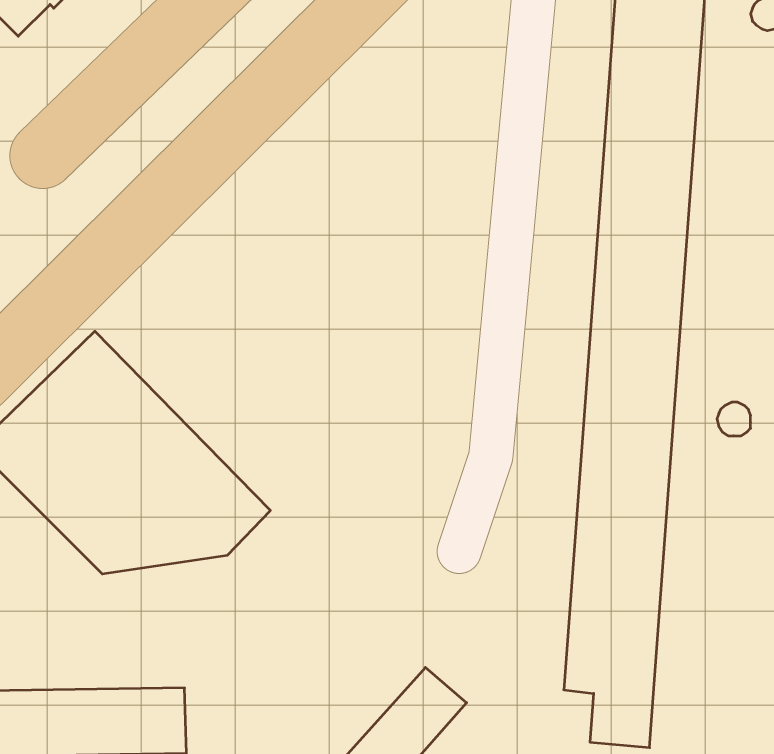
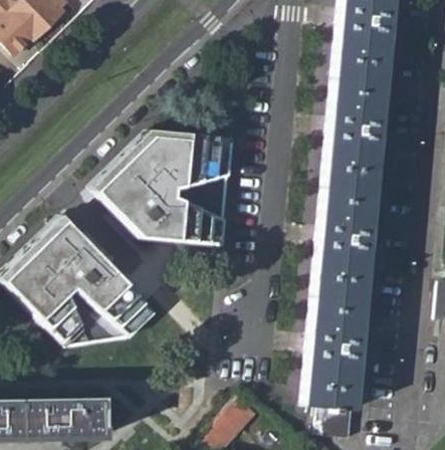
building: none -> [88,128,233,242]

